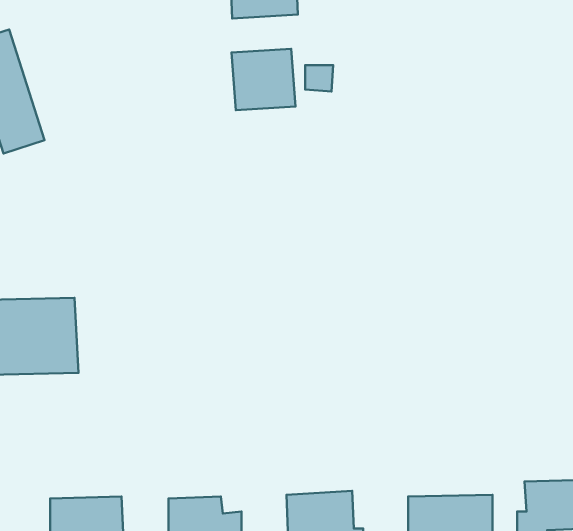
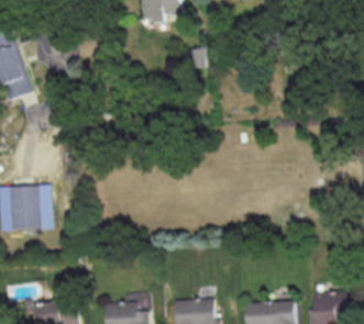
building: [232,49,295,110] -> none

